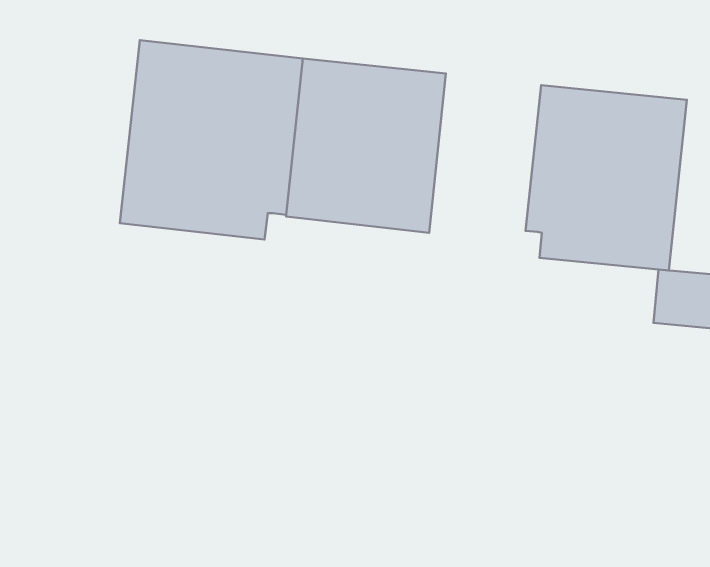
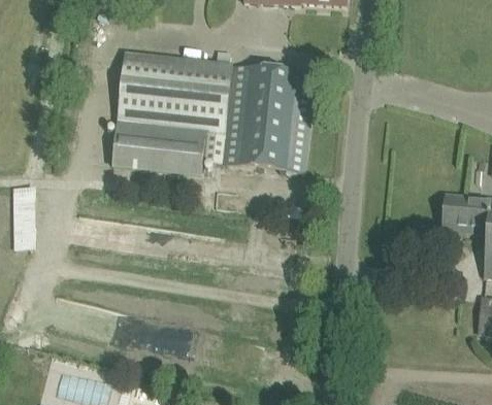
building: [526,85,687,270] -> none

